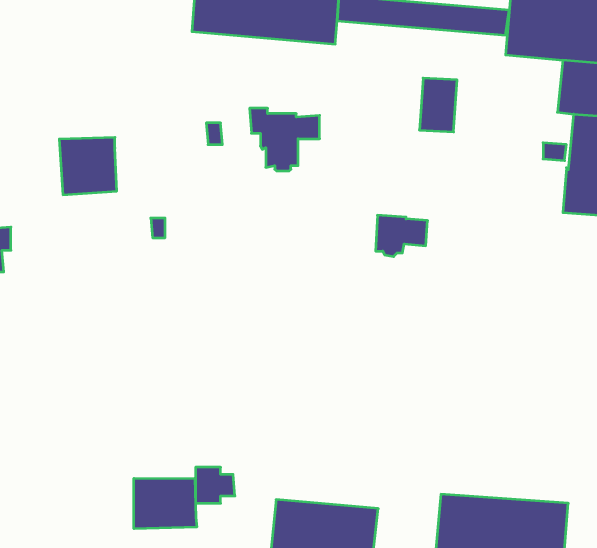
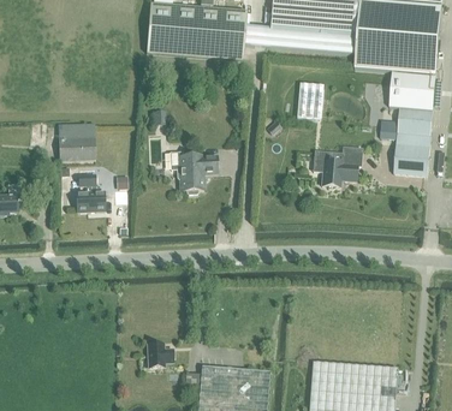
building: [250,108,320,171] -> [168,150,215,192]
building: none -> [75,172,102,210]
building: [376,215,428,257] -> [321,160,356,187]
building: [134,478,197,529] -> none

